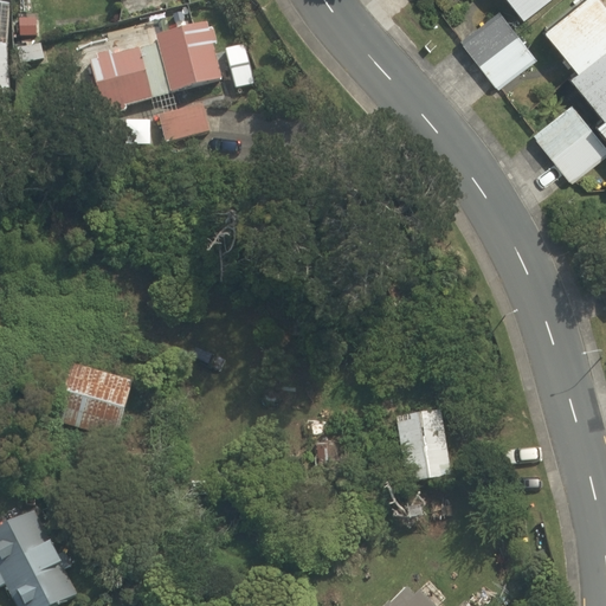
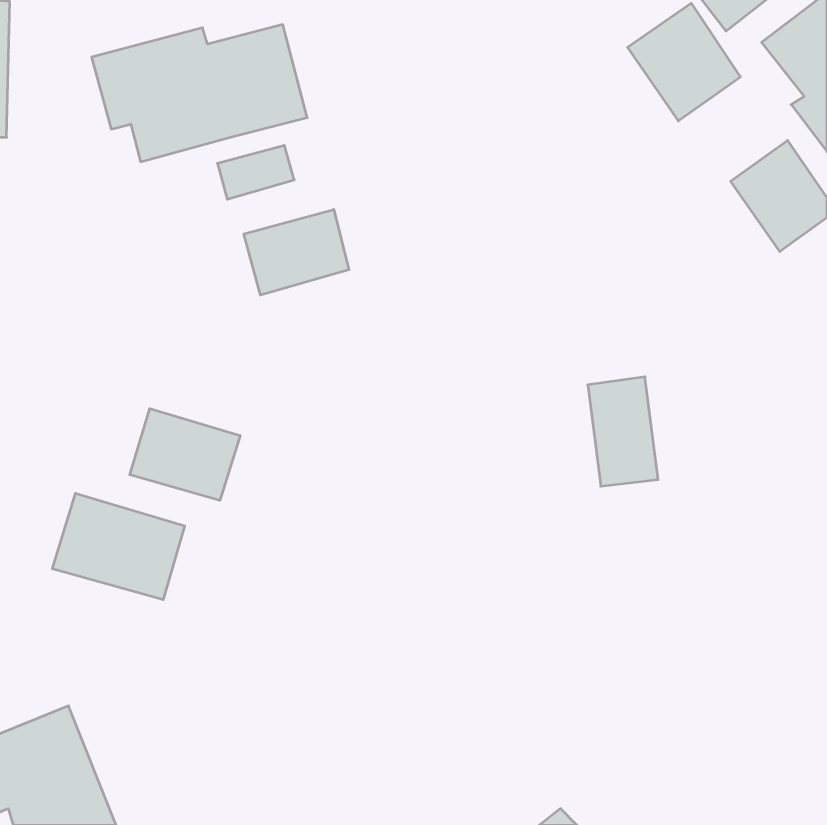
building: none -> [244,209,349,295]
building: none -> [130,409,240,500]
building: [399,407,450,486] -> [588,377,658,486]

